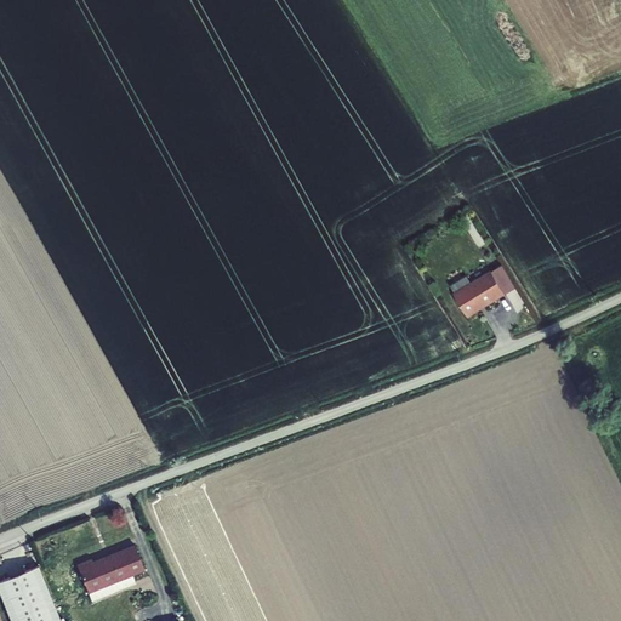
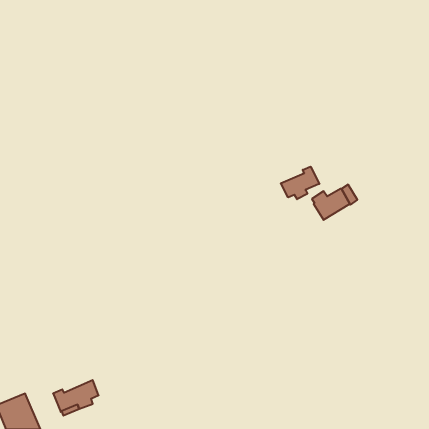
building: none -> [281,167,319,199]

